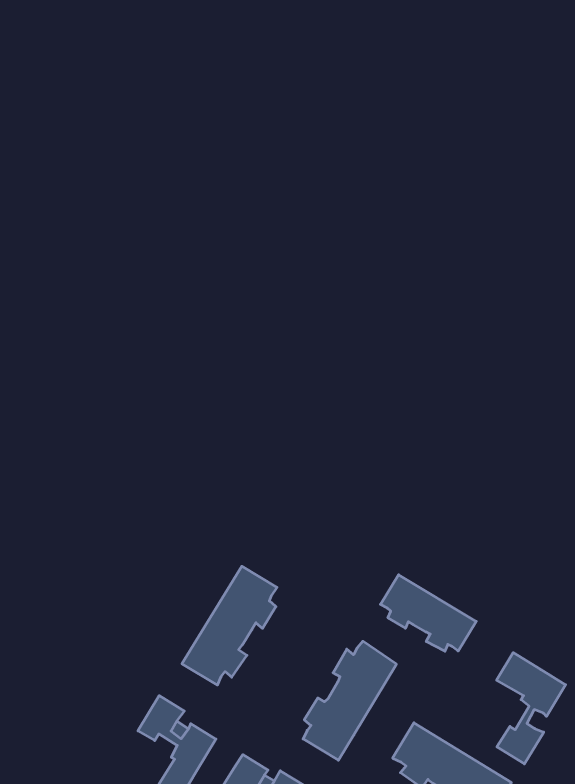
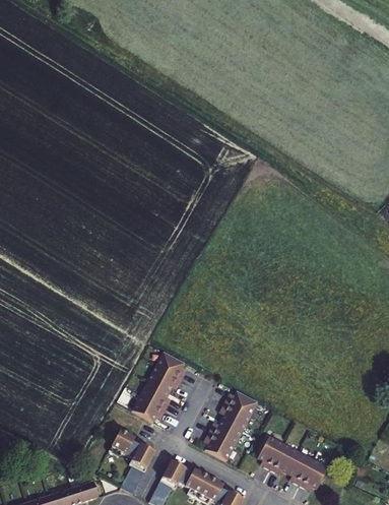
building: [380,575,476,651] -> none
building: [497,653,566,764] -> none

